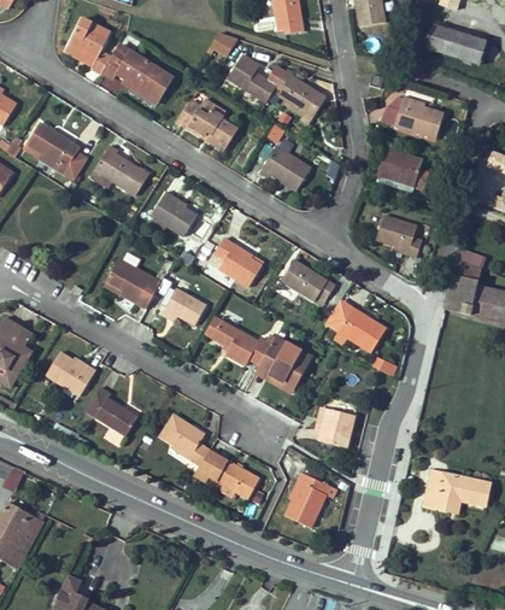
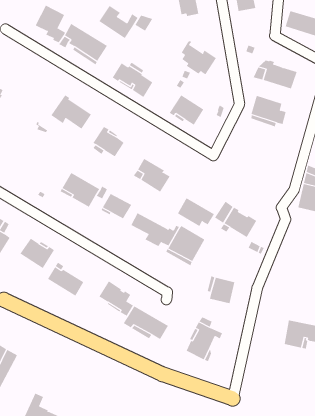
building: [227,54,284,102] -> [98,5,139,39]
building: [23,122,87,180] -> none
building: [376,215,422,258] -> none
building: [281,259,335,301] -> [177,197,215,227]

